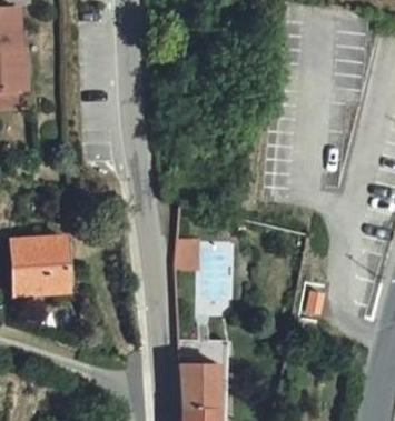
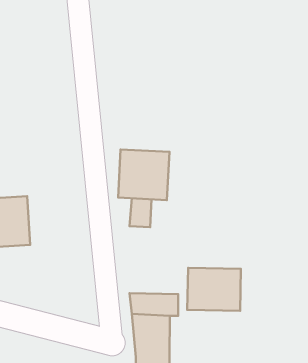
building: none -> [118,149,169,200]
building: none -> [187,268,241,311]

